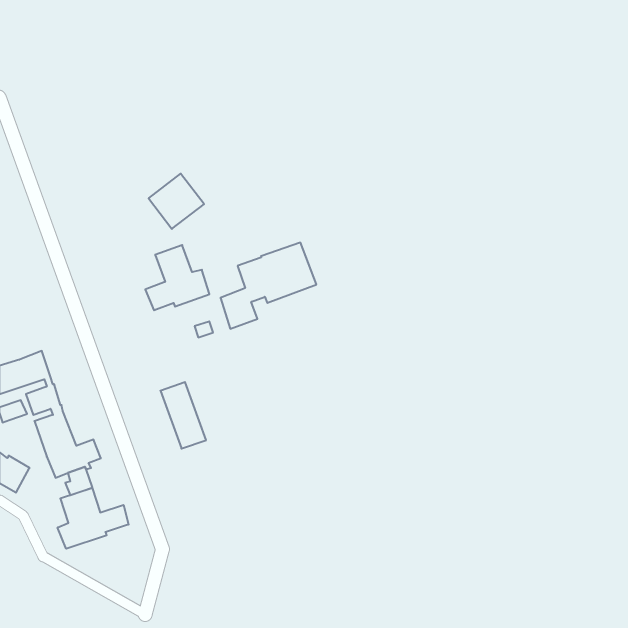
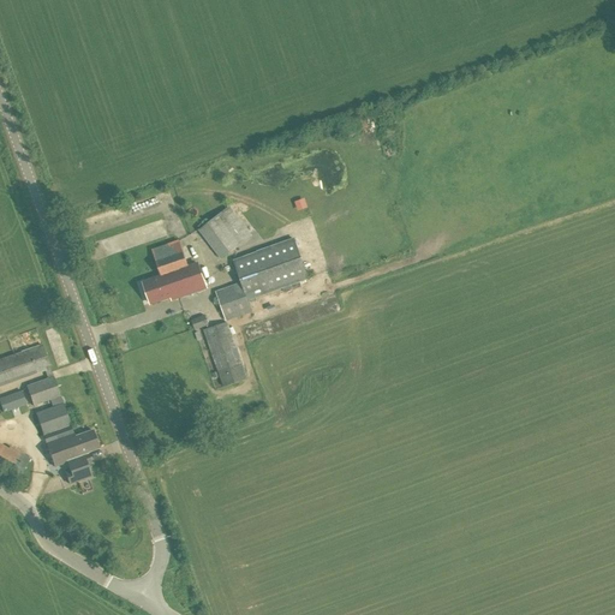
building: [149,174,204,229] -> [197,204,251,258]
building: [160,382,206,449] -> [202,321,246,386]
building: [58,488,129,549] -> none

